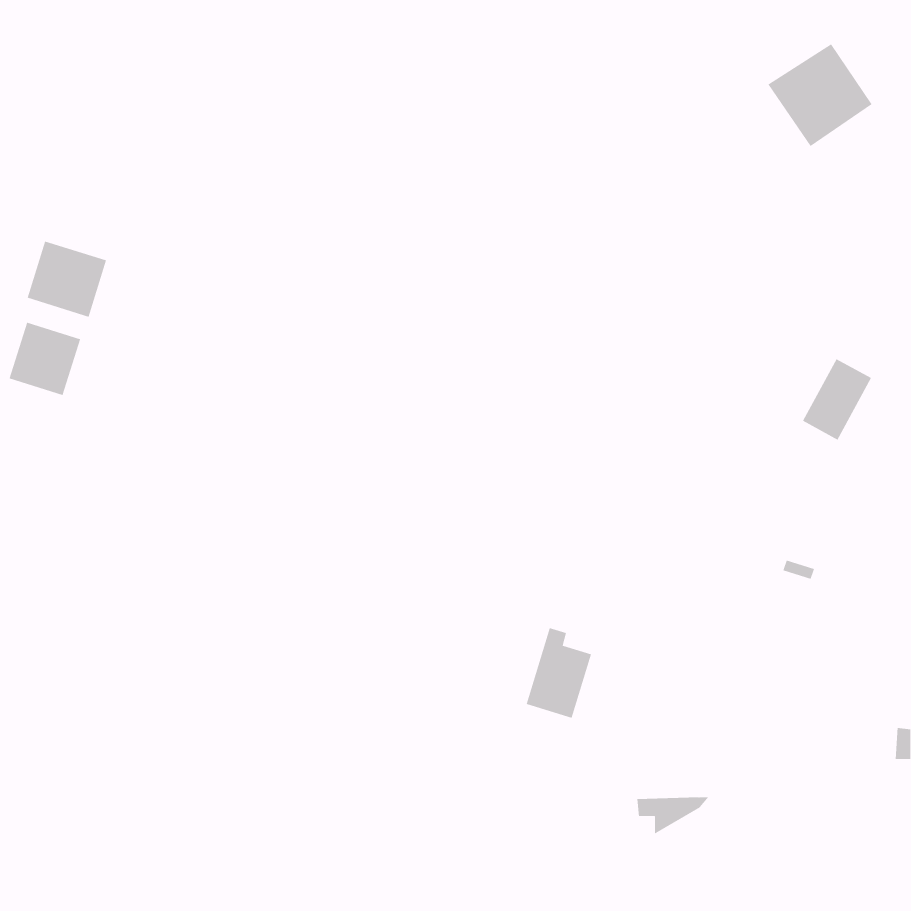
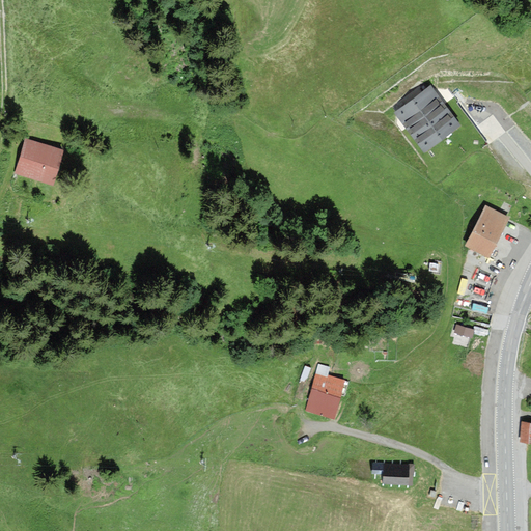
building: [767,43,873,147] -> [395,88,456,148]
building: [9,322,81,396] -> none

